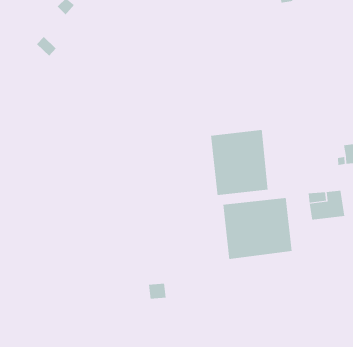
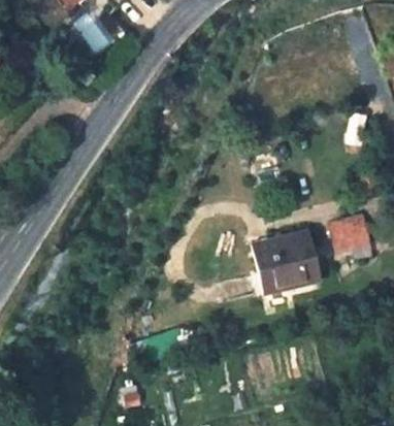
building: [210,129,268,196] -> none

